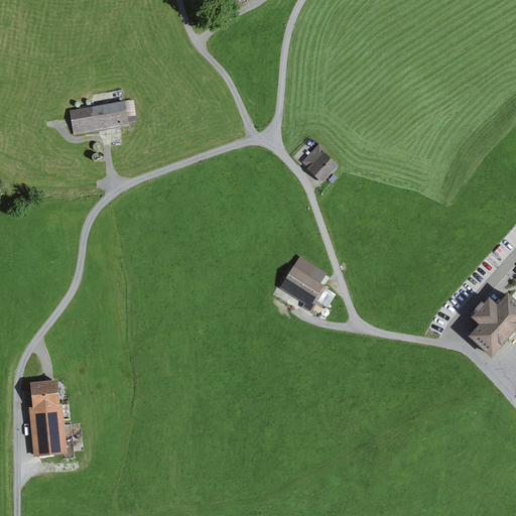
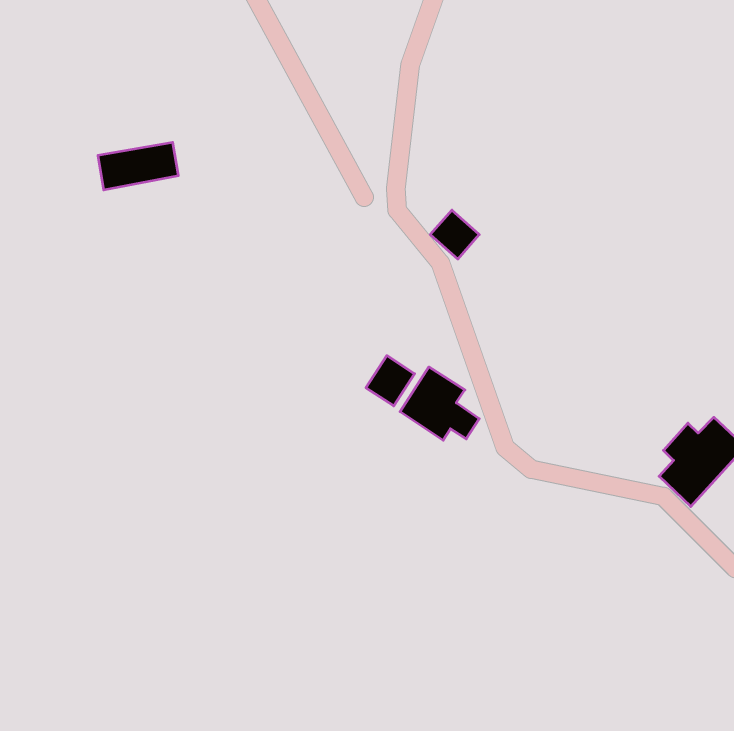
building: none -> [366,356,415,406]
building: [31,379,66,455] -> none

